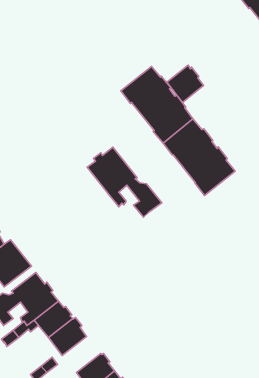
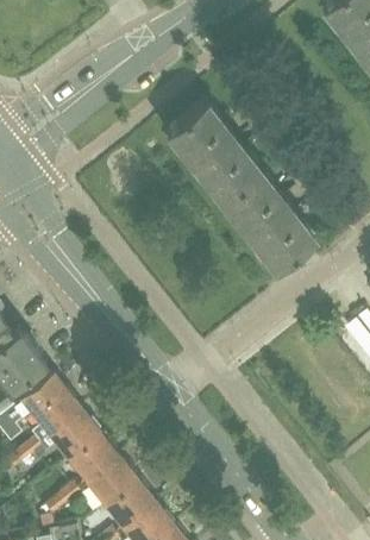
building: [167,65,204,103] -> none
building: [87,147,162,217] -> none
building: none -> [88,460,139,508]

